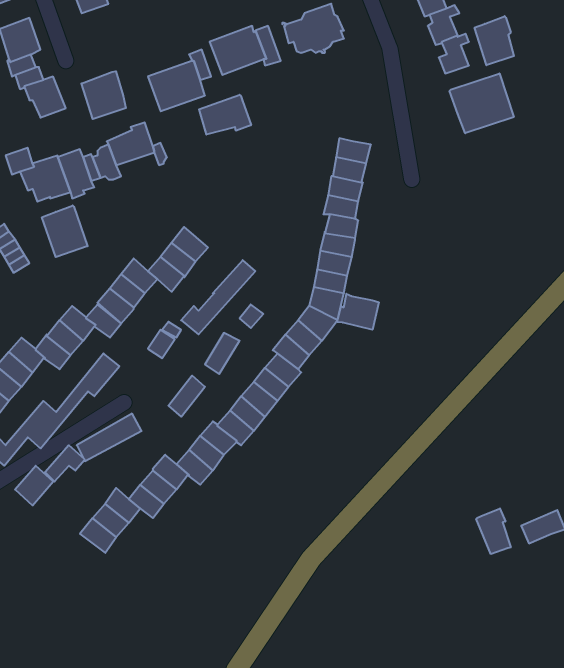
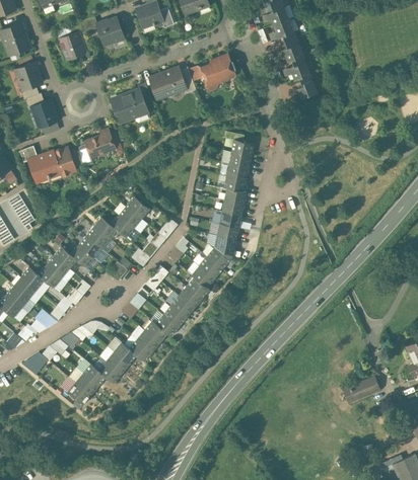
building: [475,16,514,65] -> none
building: [81,71,126,119] -> none
building: [450,73,514,133] -> none
building: [199,95,251,135] -> none
building: [42,205,88,257] -> none
building: [337,294,379,330] -> none
building: [476,508,511,554] -> none

